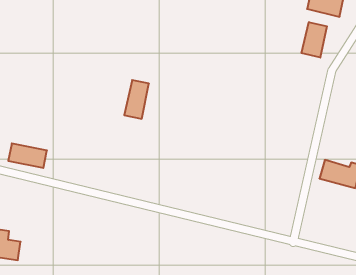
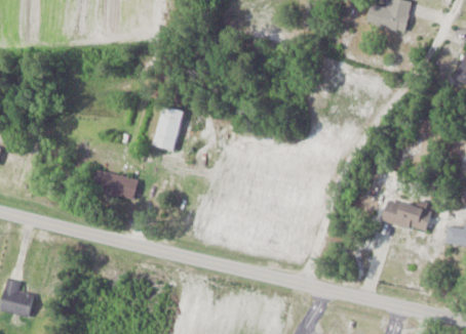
building: [301,22,327,58] -> none
building: [8,143,47,168] -> [92,170,138,199]

